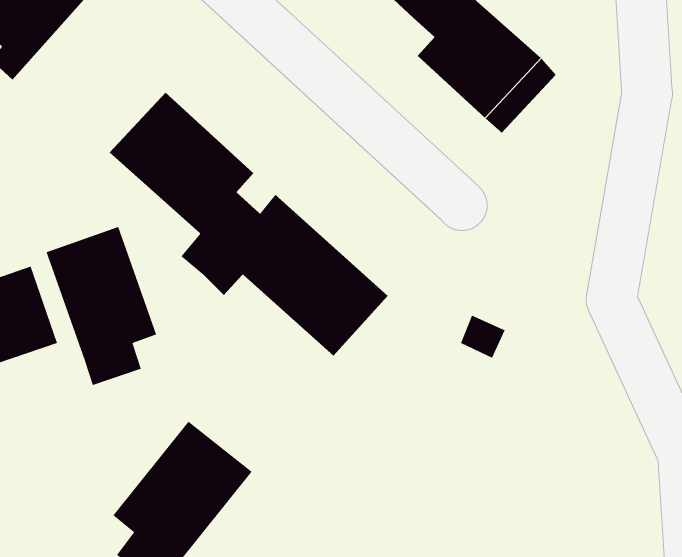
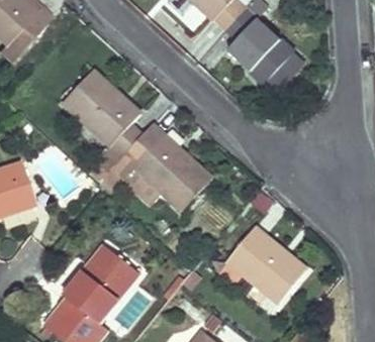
building: [46,226,157,386] -> none
building: none -> [227,227,307,303]

